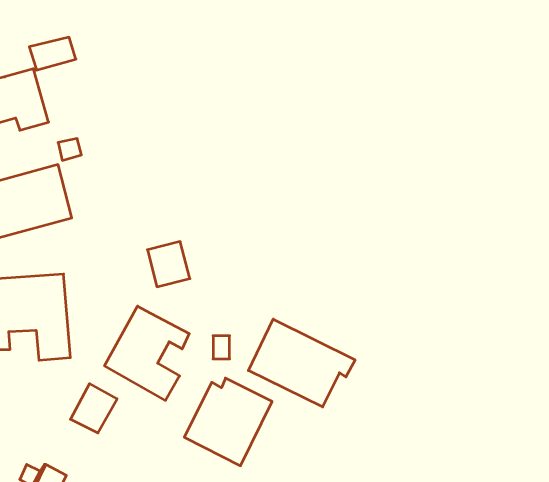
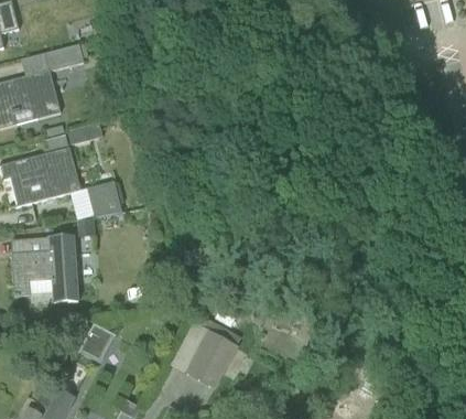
building: [147,242,190,287] -> [87,180,121,216]
building: [105,306,189,400] -> none
building: [248,319,355,407] -> none

